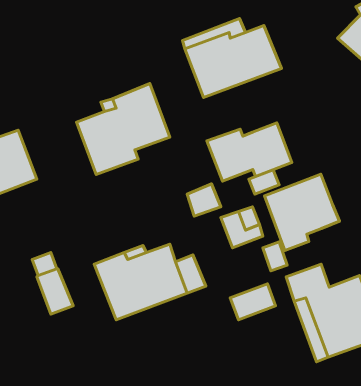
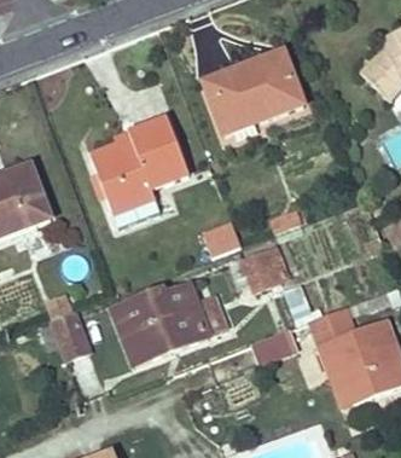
building: [207,123,292,181] -> none
building: [265,174,340,251] -> none

